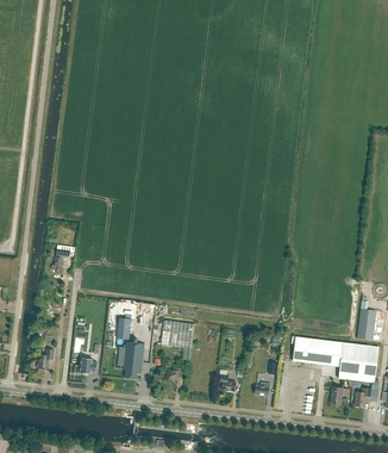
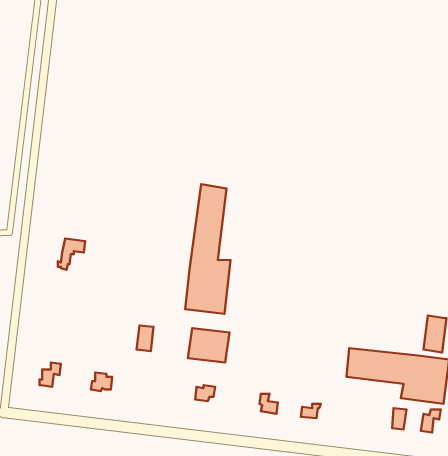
building: none -> [185,184,231,314]
building: [121,341,144,379] -> none

